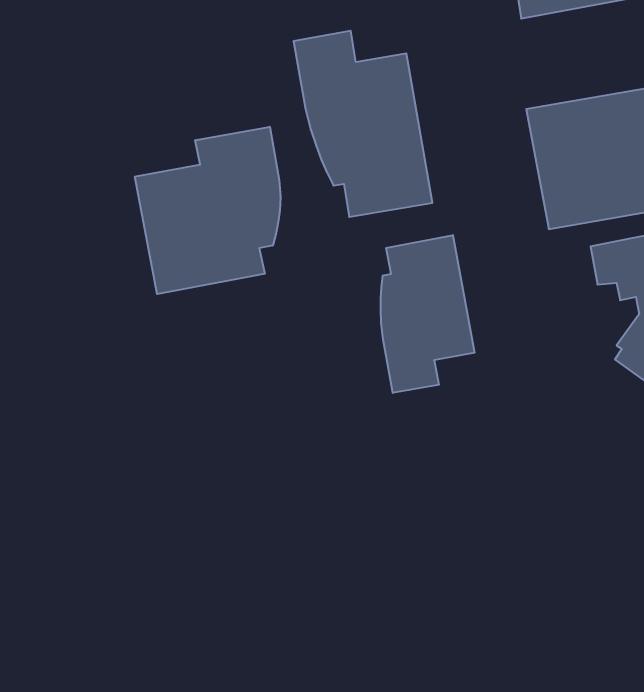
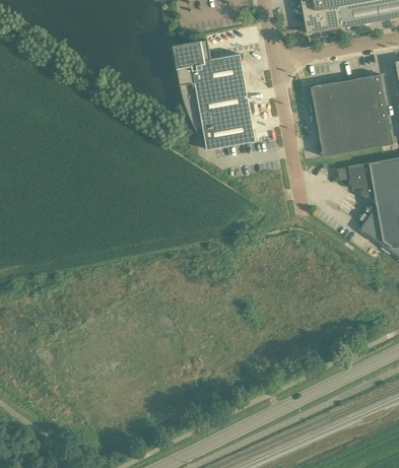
building: [135,127,280,294] -> none
building: [381,235,475,393] -> none

